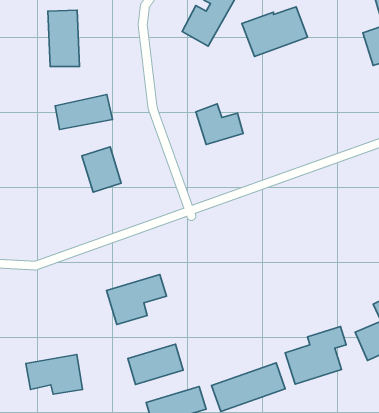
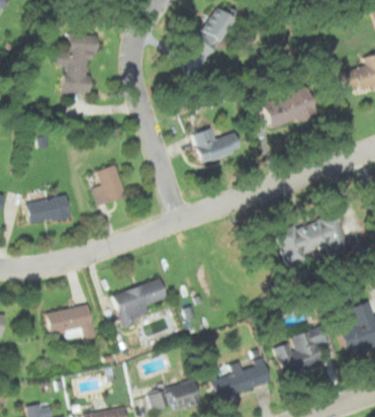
building: [242,7,307,56] -> [261,86,319,131]
building: [55,95,113,130] -> [24,192,76,224]
building: none -> [278,212,353,266]
building: [128,344,183,384] -> none
building: [26,354,82,394] -> [44,304,95,339]

